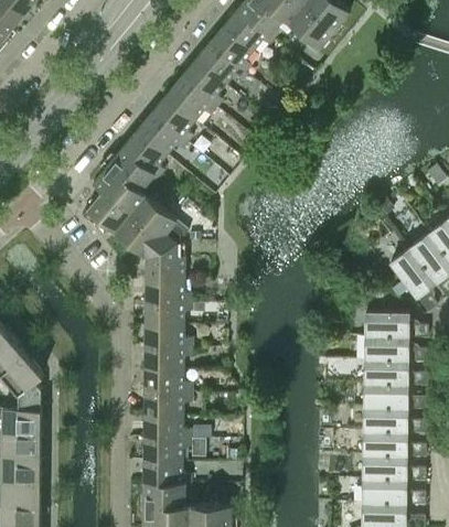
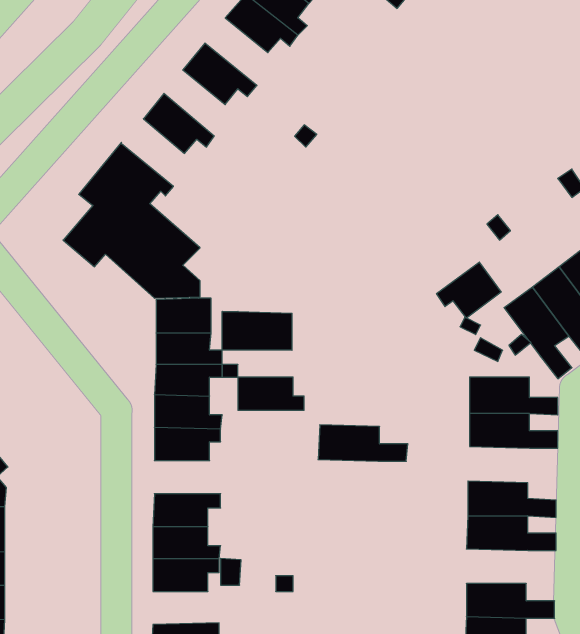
building: [180,60,224,107] -> none
building: [151,96,194,142] -> none
building: [121,130,165,178] -> none
building: none -> [437,262,501,318]
building: none -> [222,311,292,350]
building: [364,359,427,385] -> [318,425,408,461]
building: [145,369,191,392] -> [238,377,304,410]
building: [363,431,425,456] -> none
building: [143,461,190,484] -> none

